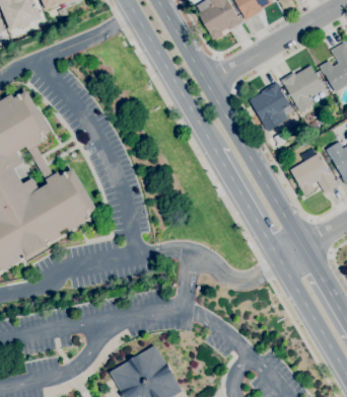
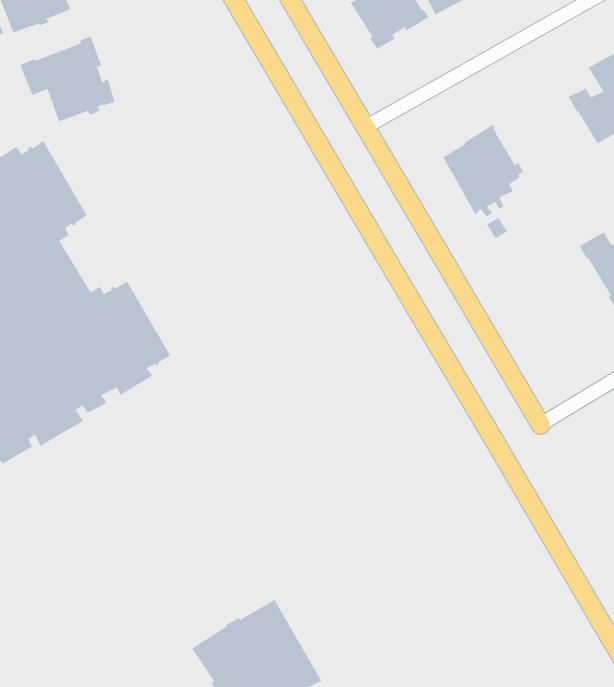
building: none -> [20,36,115,122]
building: [281,65,328,112] -> none
building: [290,148,339,195] -> none

